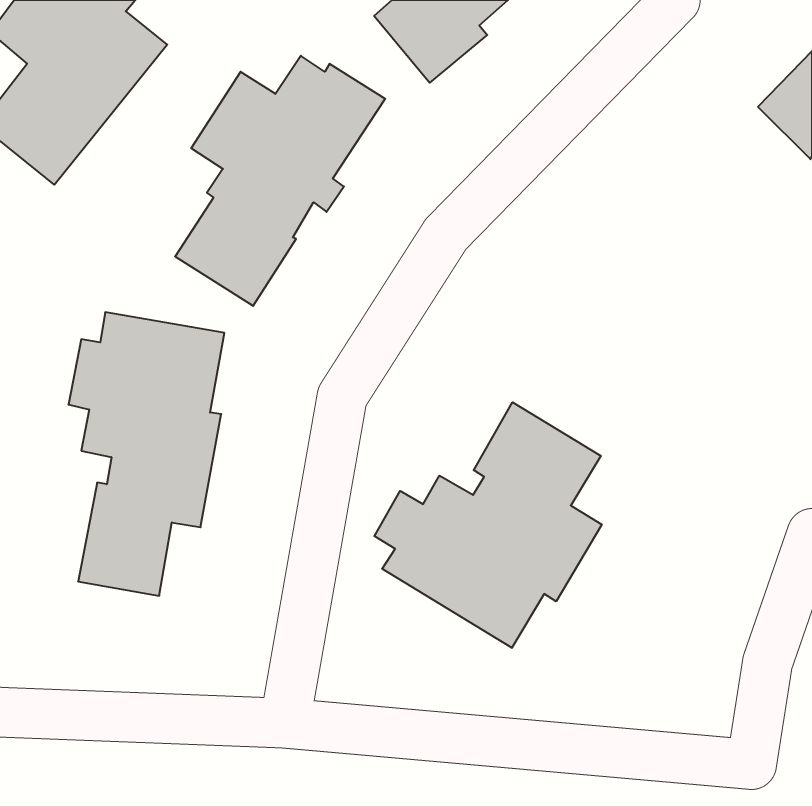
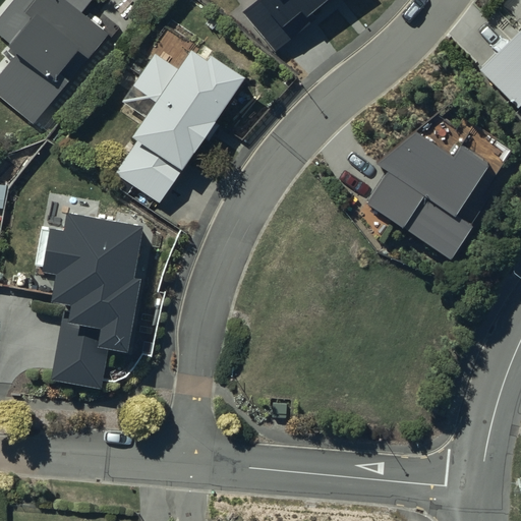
building: none -> [364,135,485,257]
building: [374,402,602,648] -> none

